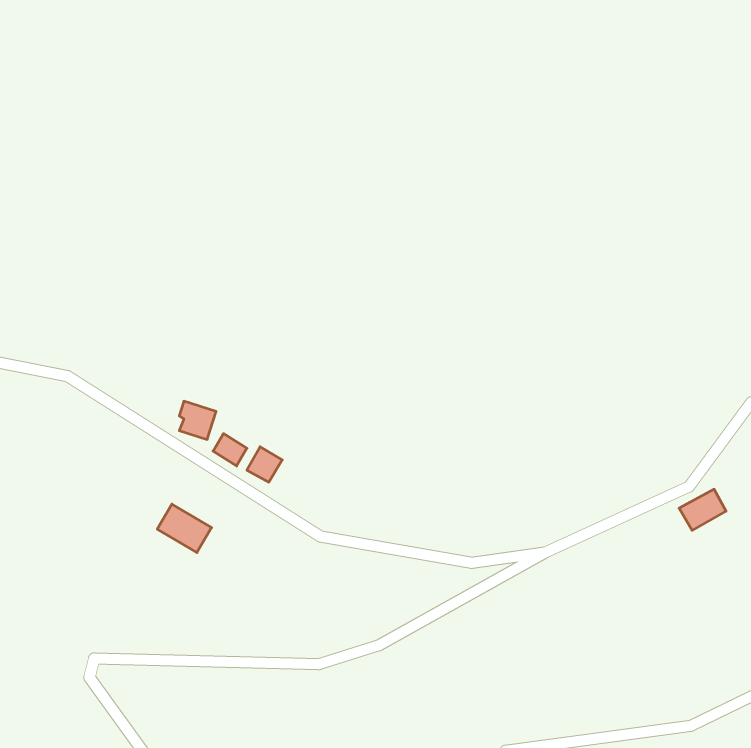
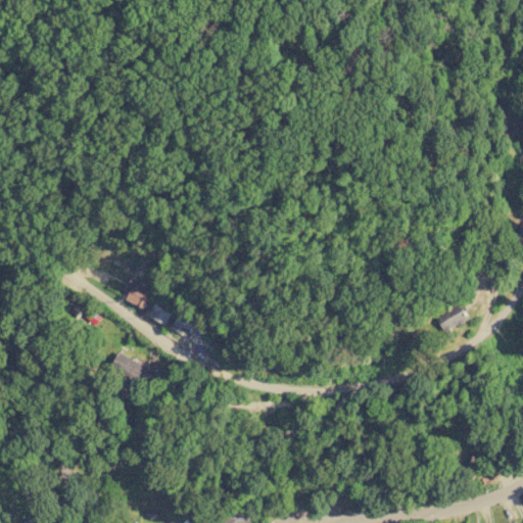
building: [679,489,726,530] -> [435,303,468,332]

